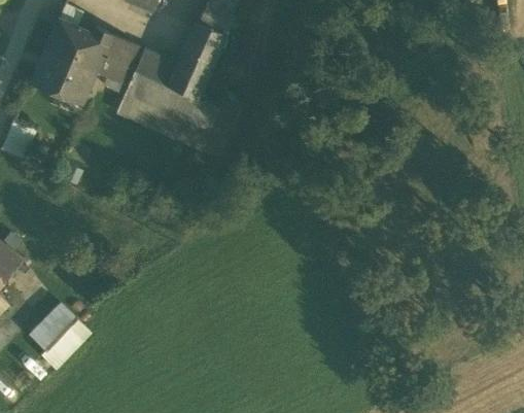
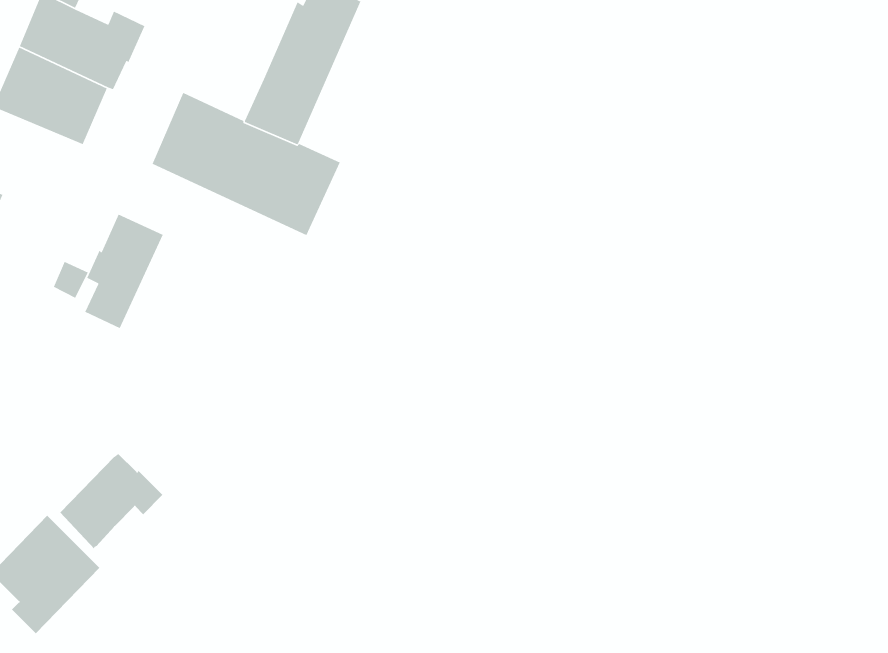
building: [95,36,138,99] -> [84,214,164,329]
building: [134,49,177,88] -> none
building: none -> [59,453,163,549]

